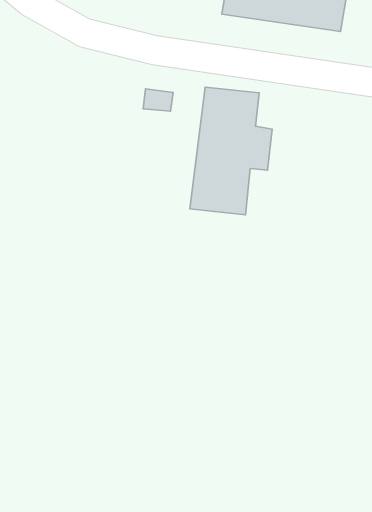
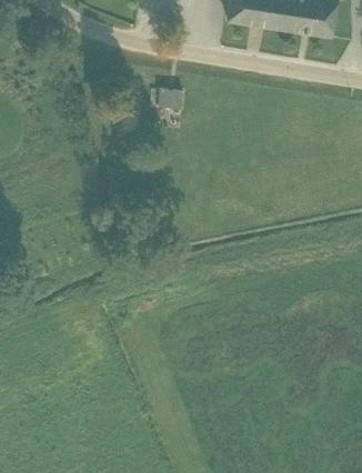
building: [190,87,272,215] -> none

